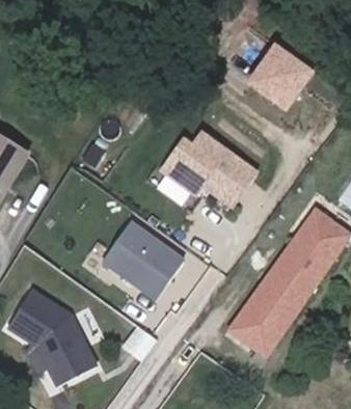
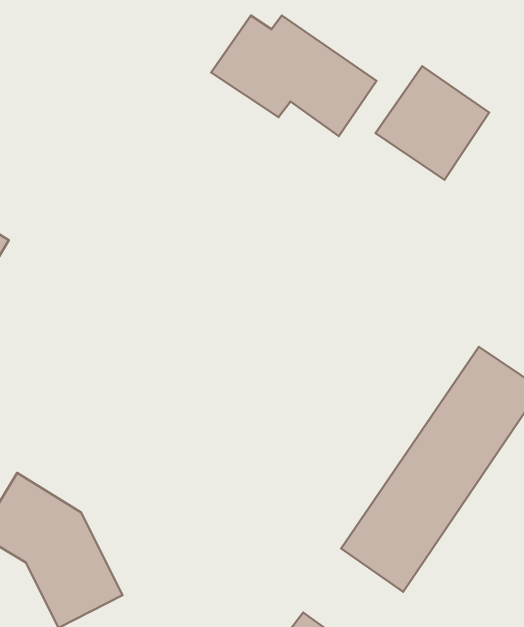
building: [160,137,260,210] -> [211,15,377,136]
building: [101,221,181,297] -> none

